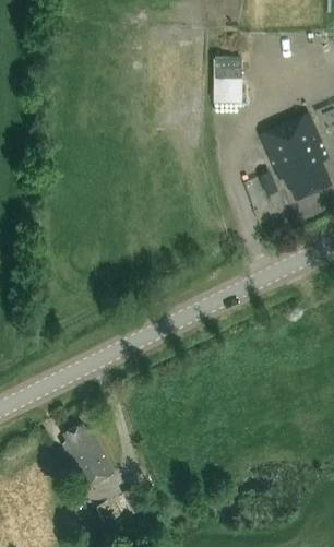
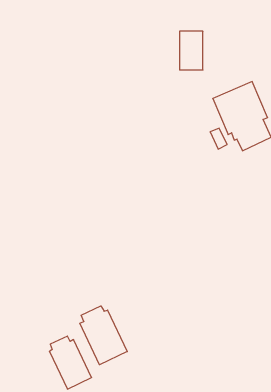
building: none -> [80,306,127,365]

